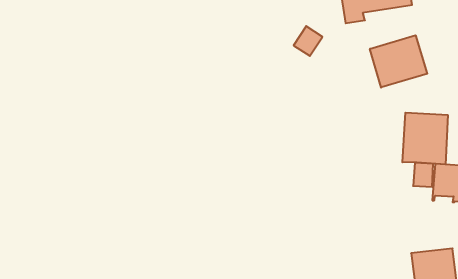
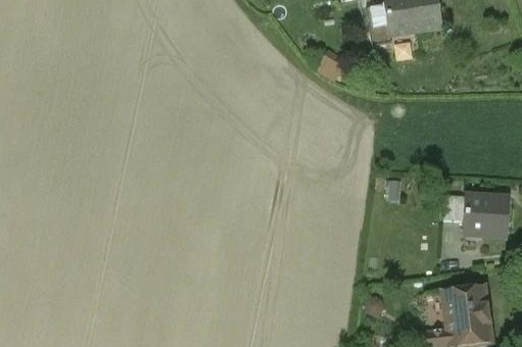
building: [370,35,427,88] -> none
building: [402,113,448,164] -> none

